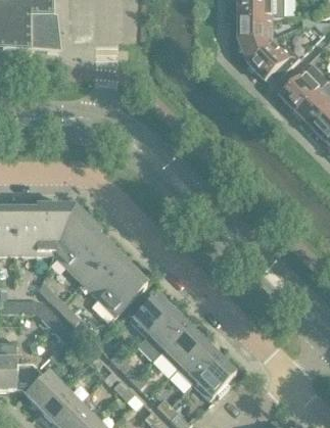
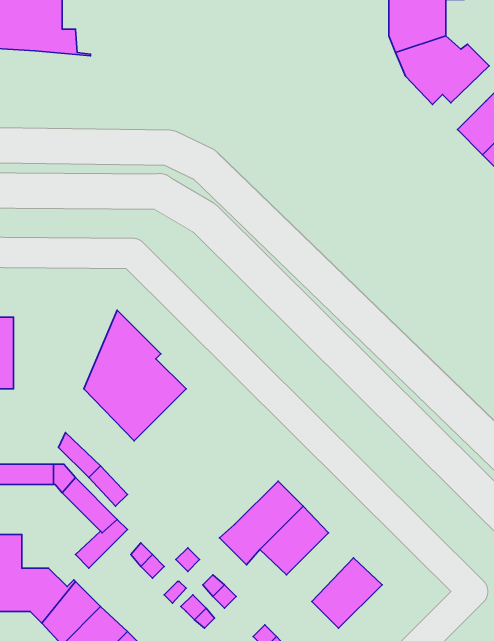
building: [11,204,75,252] -> none
building: [85,252,147,315] -> none
building: [128,292,173,335] -> none
building: [178,340,219,382] -> none

